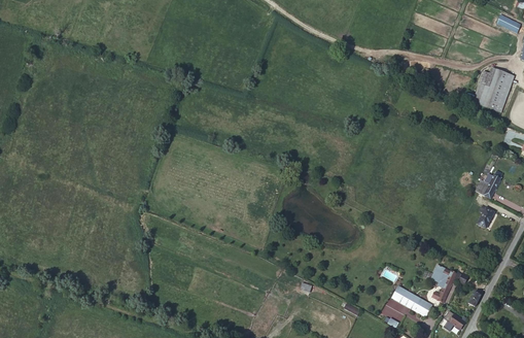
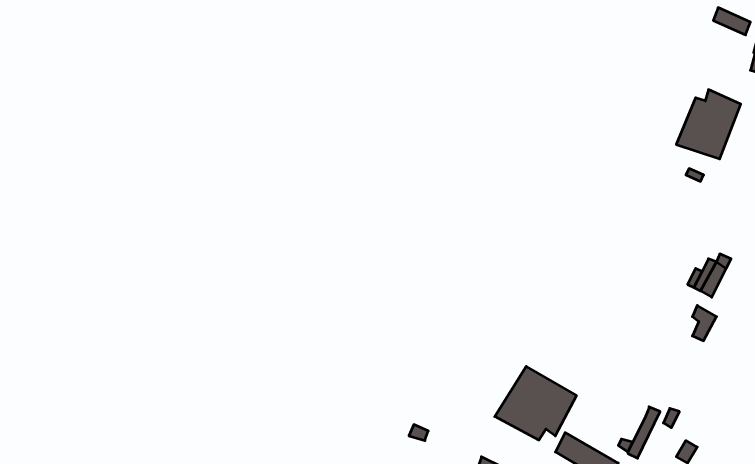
building: none -> [495,366,576,440]

